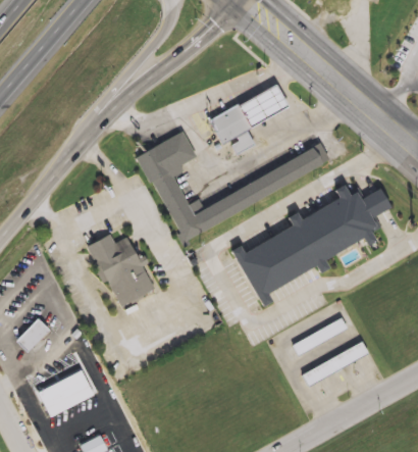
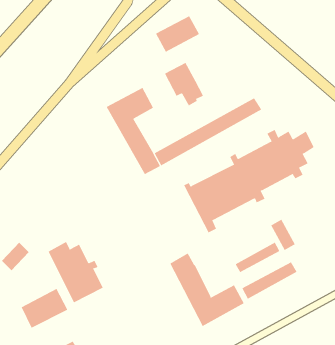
building: [236,83,289,127] -> [155,15,200,52]
building: [90,233,156,306] -> [48,241,104,303]
building: none -> [270,219,296,251]
building: none -> [169,253,244,327]

